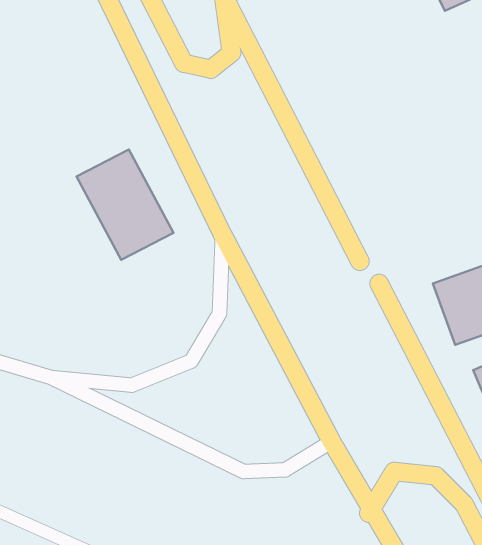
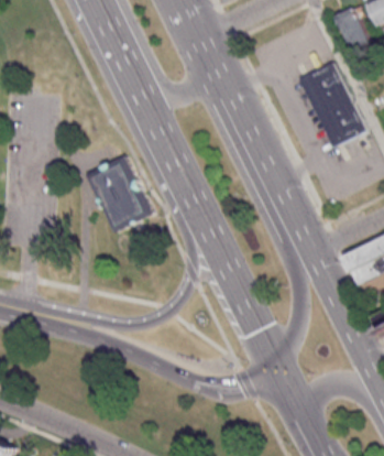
building: none -> [299,62,365,148]

